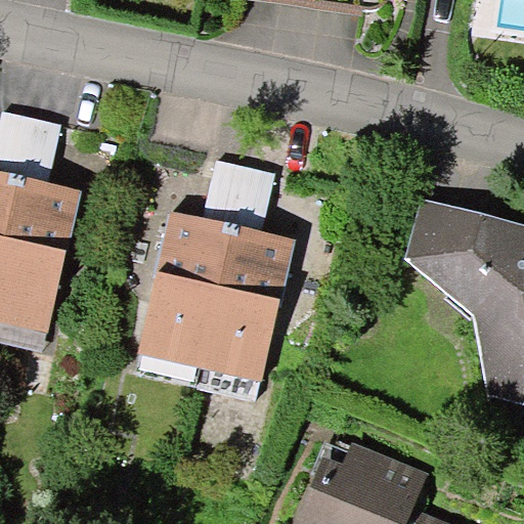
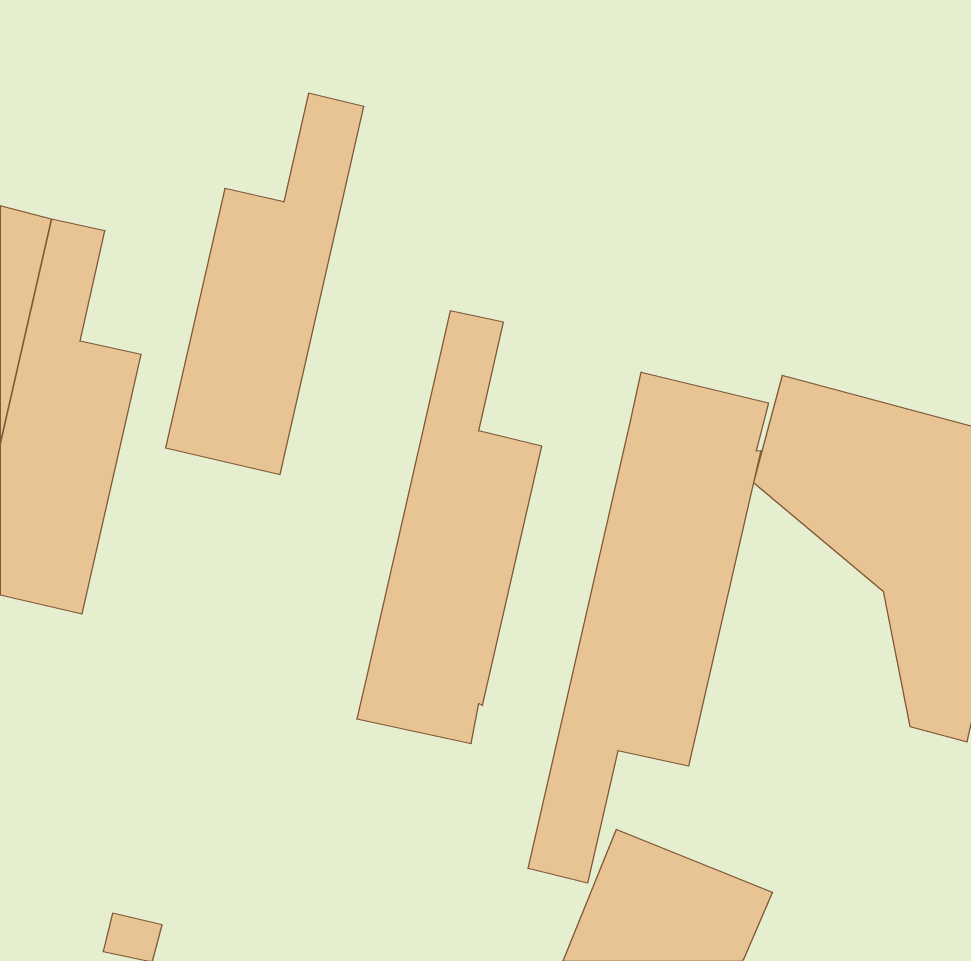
building: [137,160,244,364] -> [166,93,364,475]
building: none -> [528,372,769,883]

